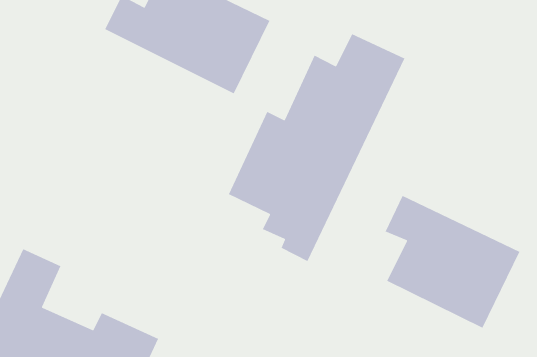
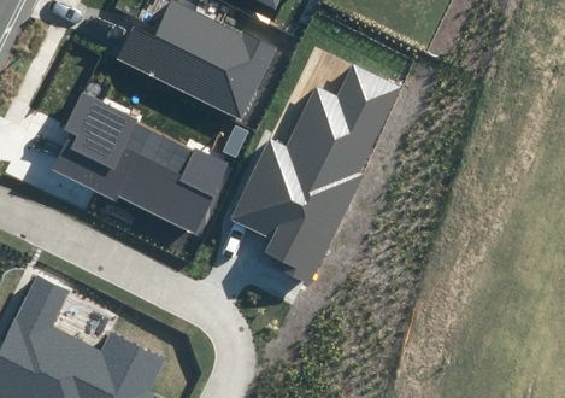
building: none -> [52,90,226,232]
building: [385,195,520,329] -> none

